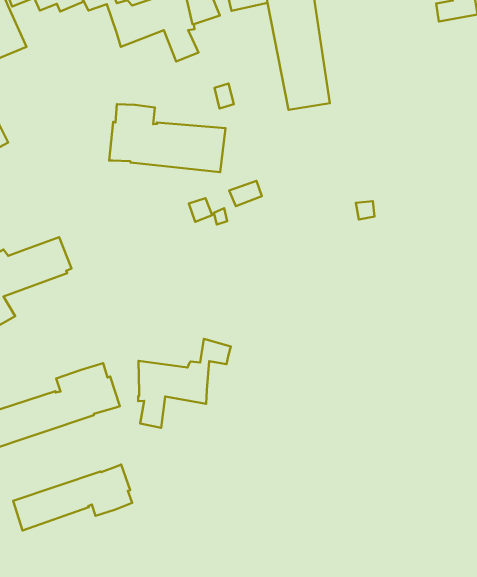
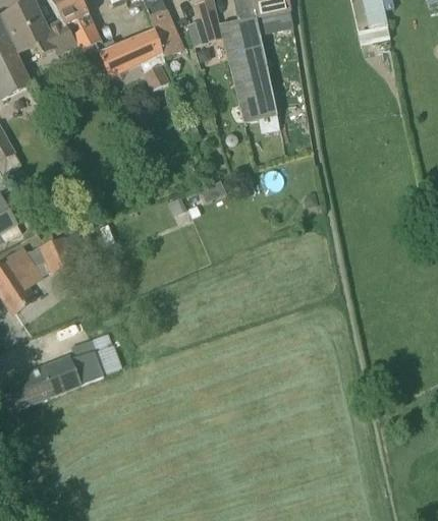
building: [109,104,225,172] -> none
building: [138,339,231,428] -> none
building: [13,465,132,530] -> none

